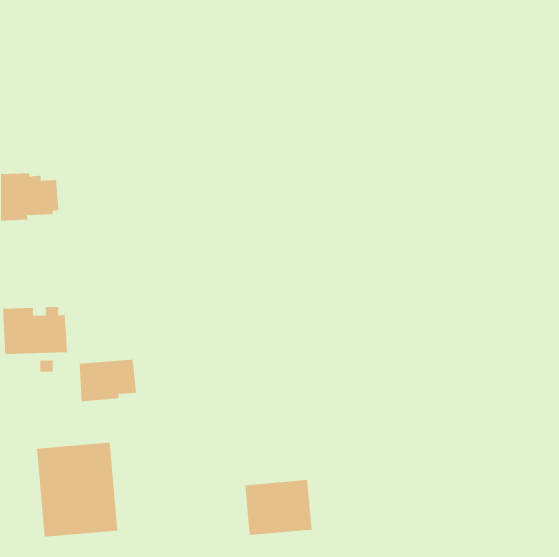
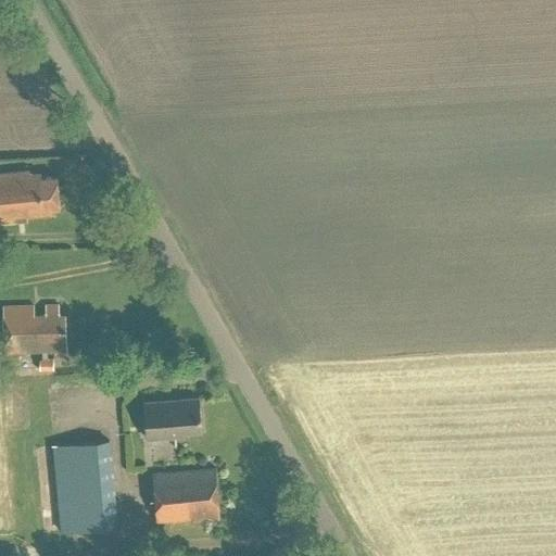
building: [79,359,137,402] -> [144,397,202,440]
building: [245,480,312,535] -> [152,469,219,525]

